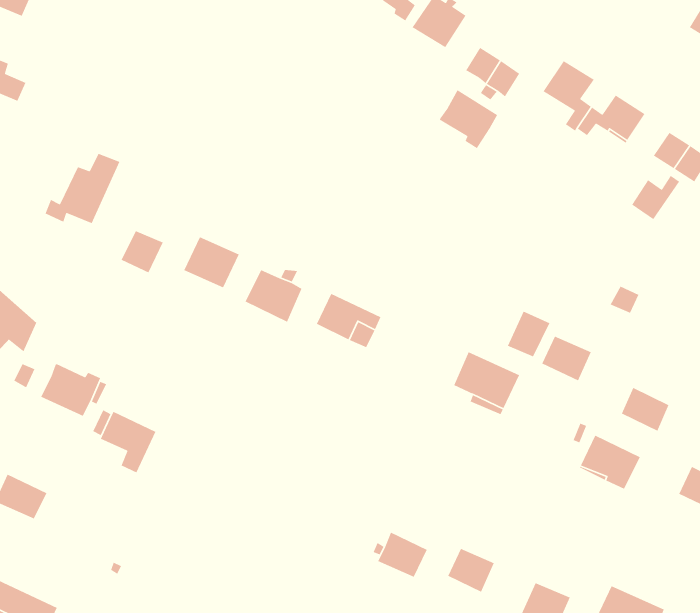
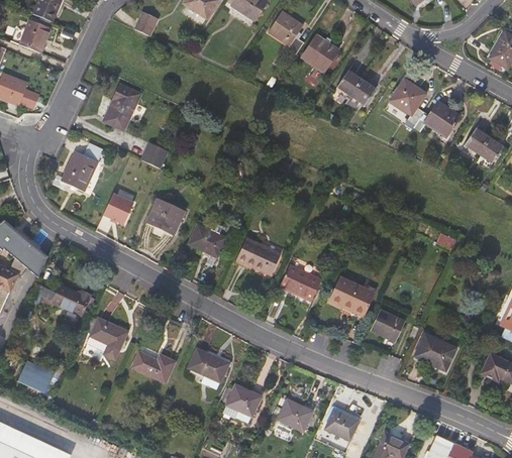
building: none -> [105,84,141,129]
building: [439,89,498,149] -> none
building: none -> [142,142,169,167]
building: [631,175,680,220] -> none
building: [507,310,551,358] -> none
building: none -> [279,263,321,301]
building: [541,335,592,382] -> [371,310,405,341]
building: [621,387,670,432] -> none
building: none -> [188,347,229,382]
building: none -> [132,352,175,382]
building: none -> [223,384,261,424]

